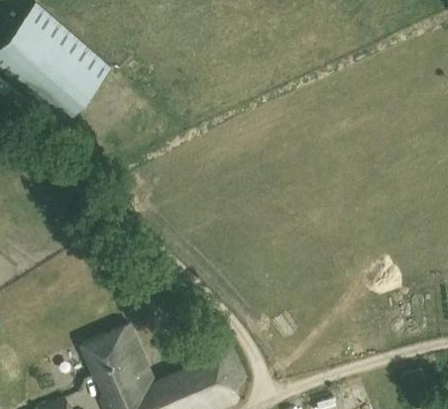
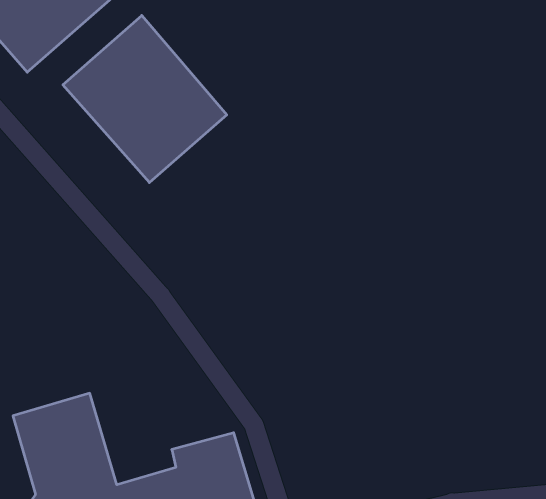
building: none -> [63,15,227,183]

